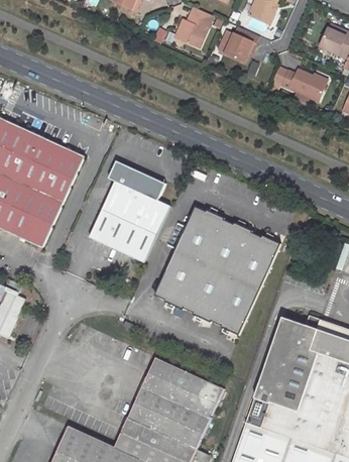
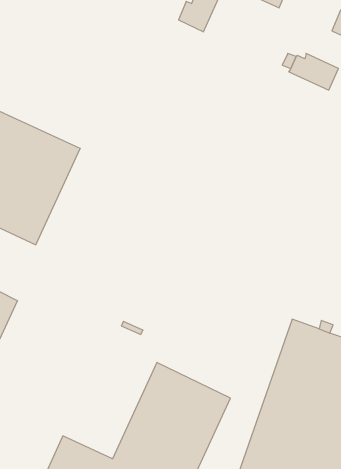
building: [224,29,259,64] -> none
building: [89,161,170,263] -> none
building: [154,207,280,337] -> none

